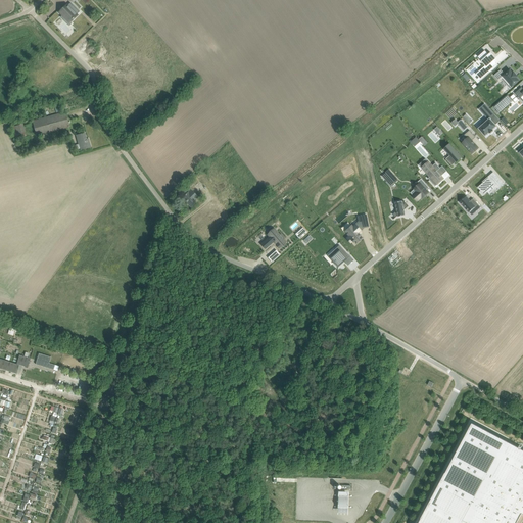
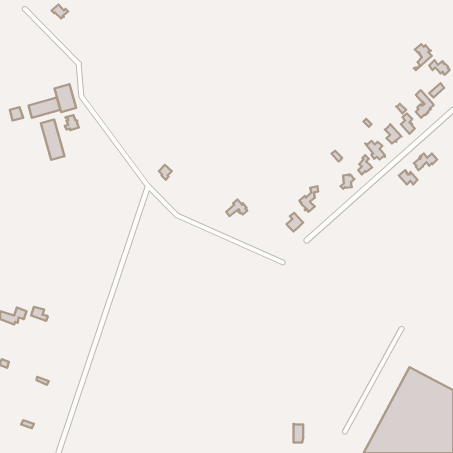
building: none -> [54,84,76,112]
building: none -> [41,119,64,160]

